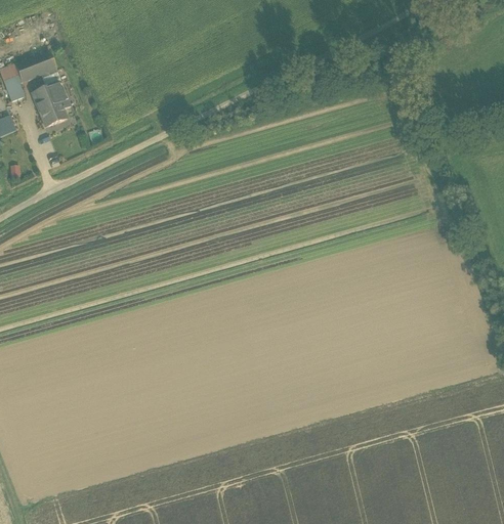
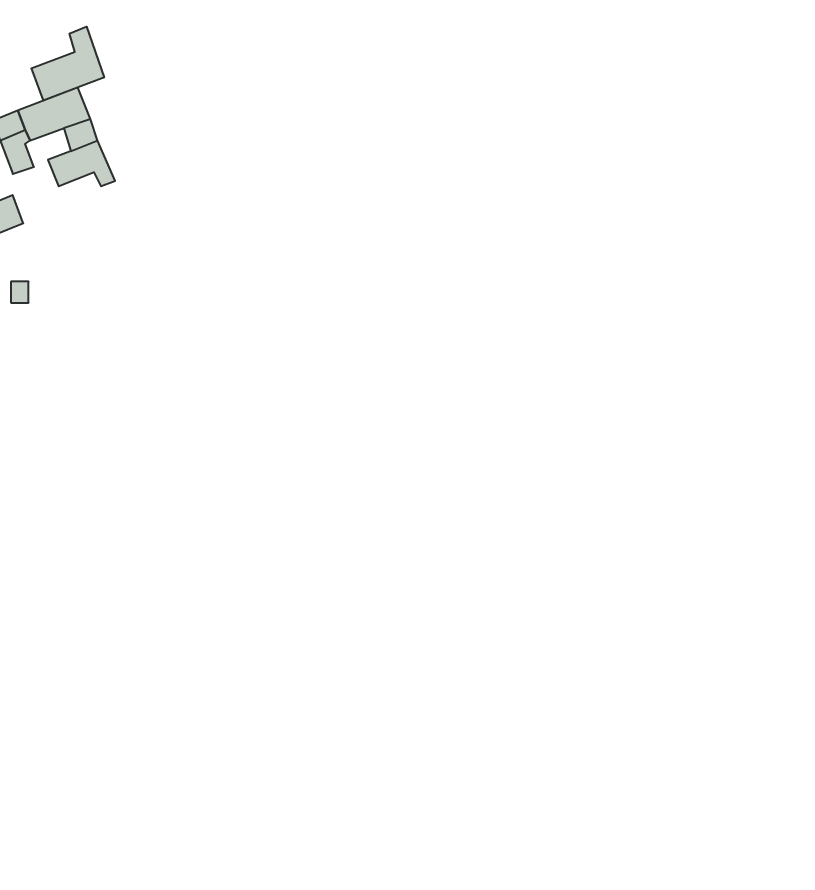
building: none -> [31,27,104,101]
building: [38,100,67,127] -> none

